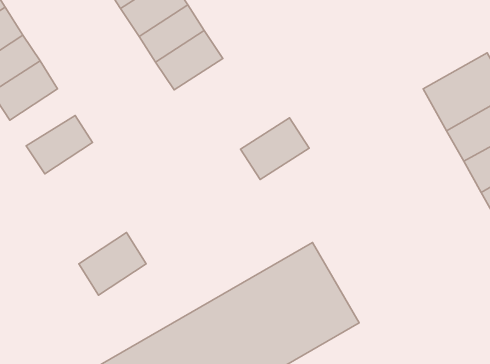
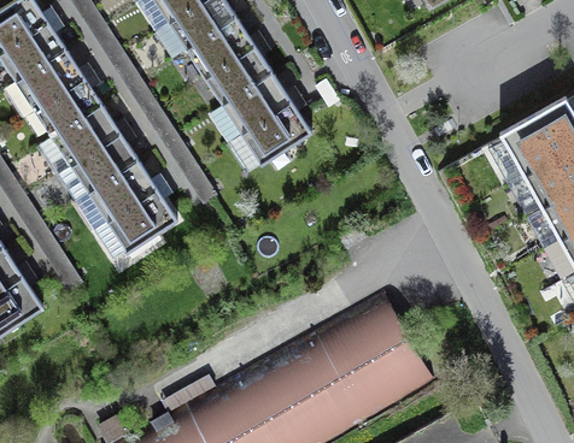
building: none -> [71,135,139,194]
building: [240,118,309,180] -> [241,104,312,167]
building: [79,232,146,295] -> [107,190,177,255]

